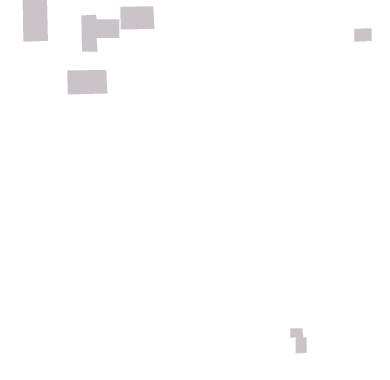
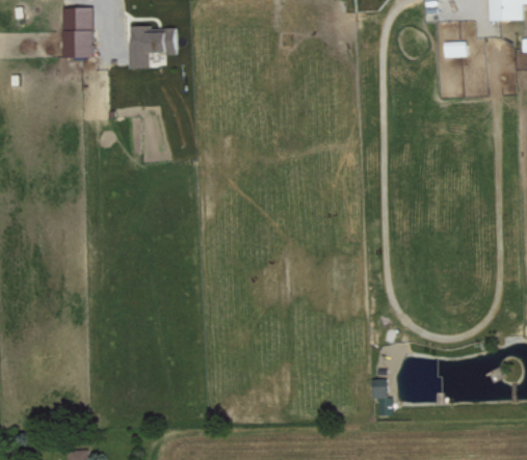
building: [120,5,155,30] -> none
building: [67,69,108,95] -> none

